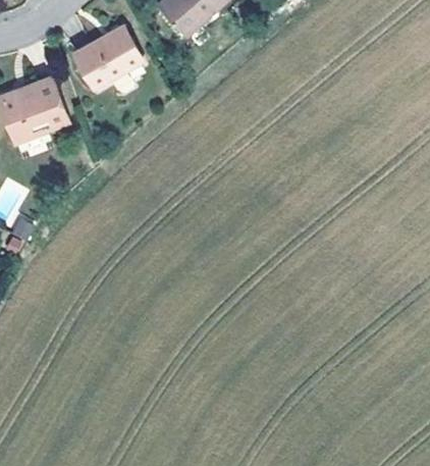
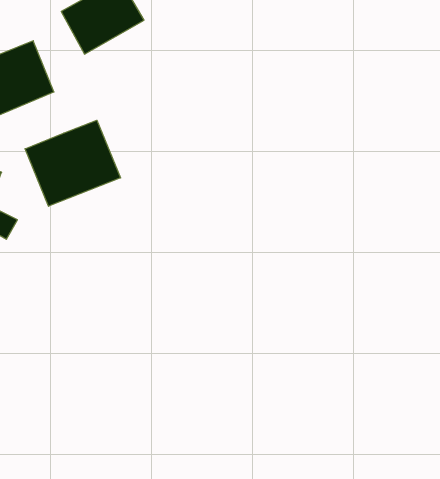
building: none -> [25,120,121,206]

